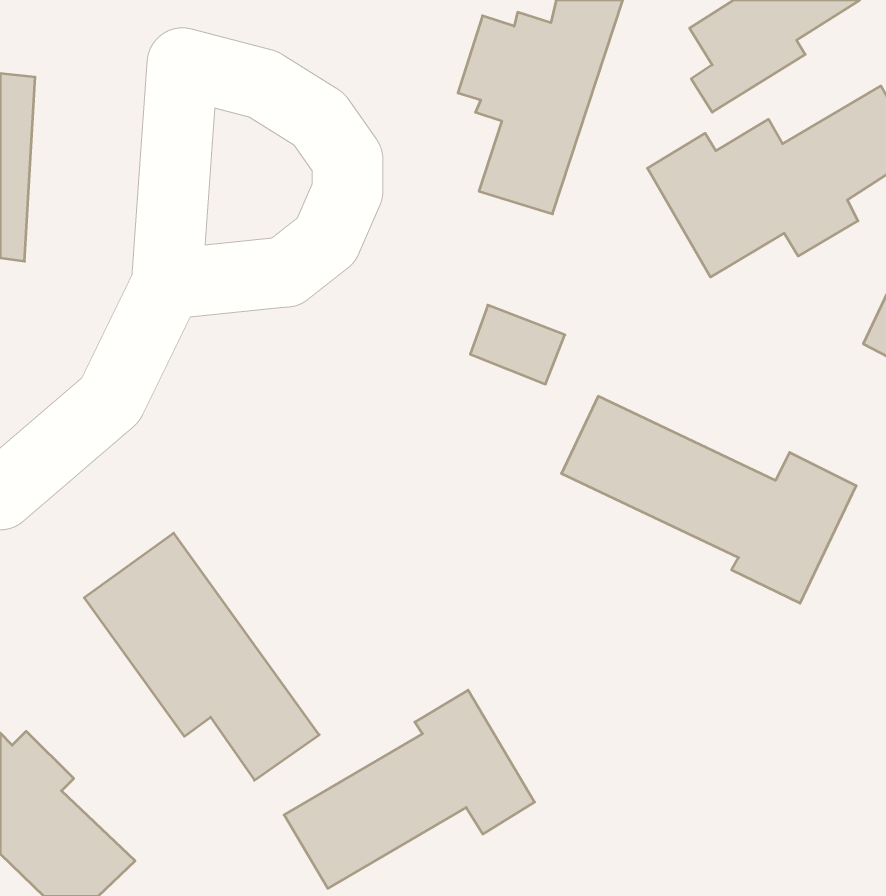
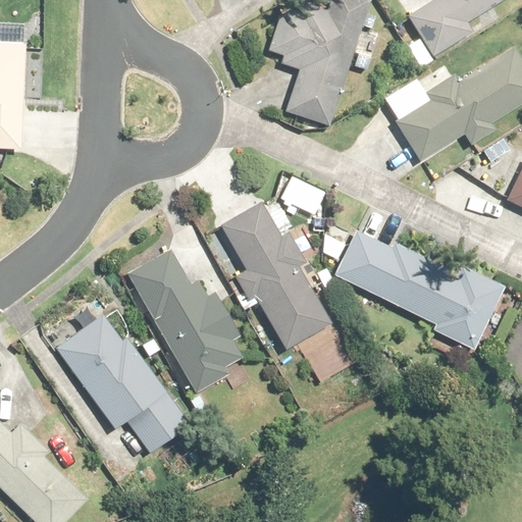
building: none -> [222,203,333,355]
building: none -> [120,228,244,388]
building: [284,690,535,888] -> none

